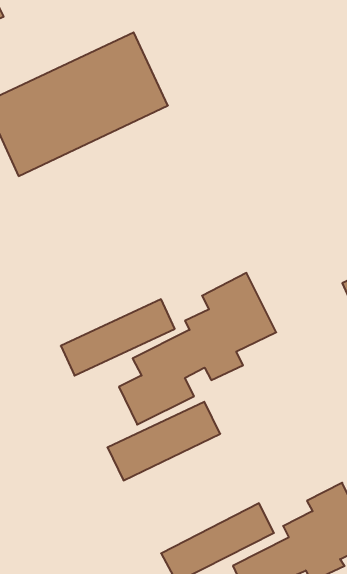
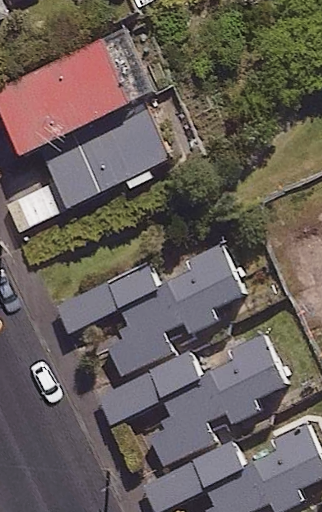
building: none -> [14,117,168,225]
building: none -> [148,335,285,467]

